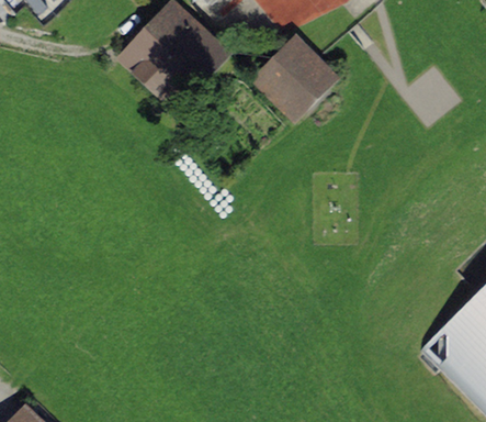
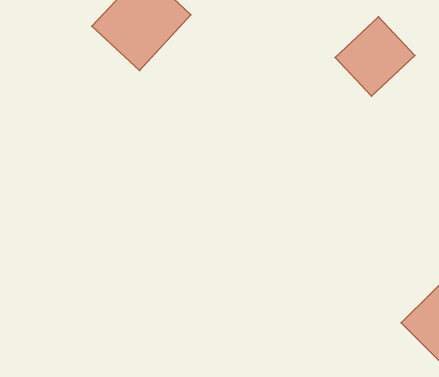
building: [256,40,332,116] -> [335,17,415,96]

